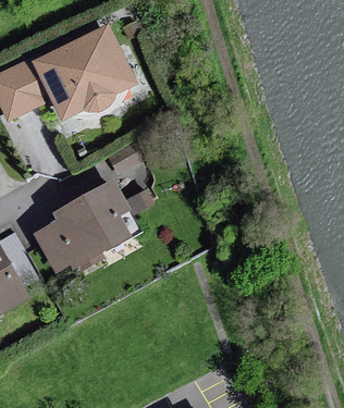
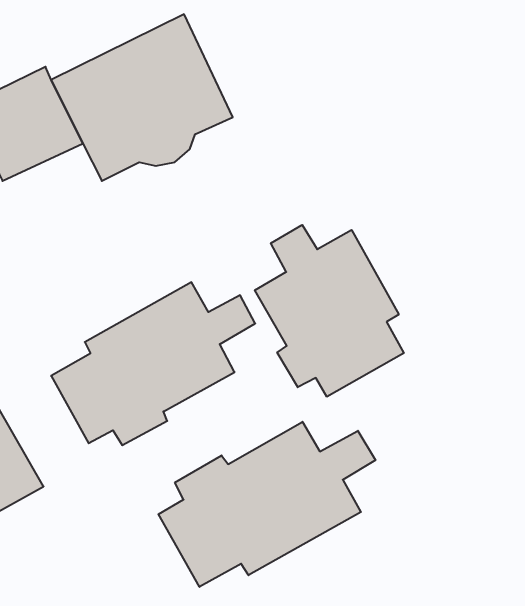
building: none -> [255,225,404,397]
building: none -> [158,422,375,587]

